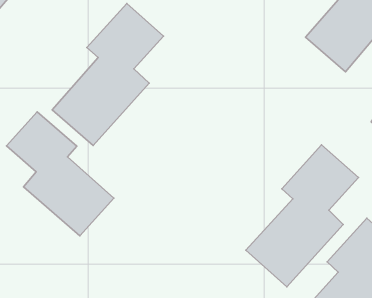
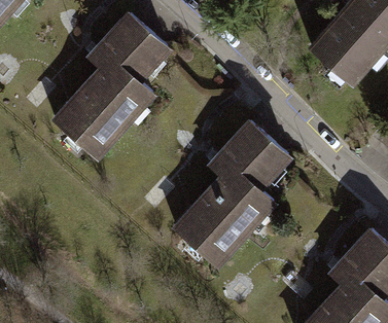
building: [7,112,114,236] -> none
building: [246,145,358,287] -> [174,121,287,264]

